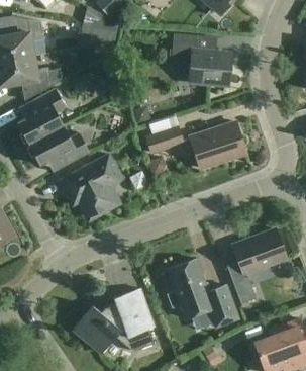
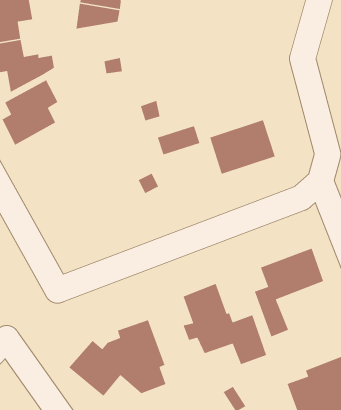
building: [172,33,232,86] -> none
building: [29,125,90,172] -> none
building: [61,155,123,220] -> none

